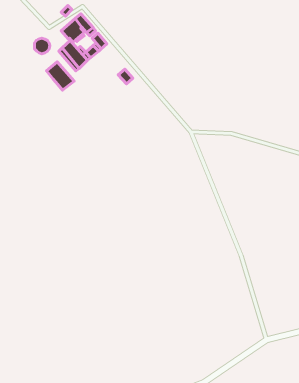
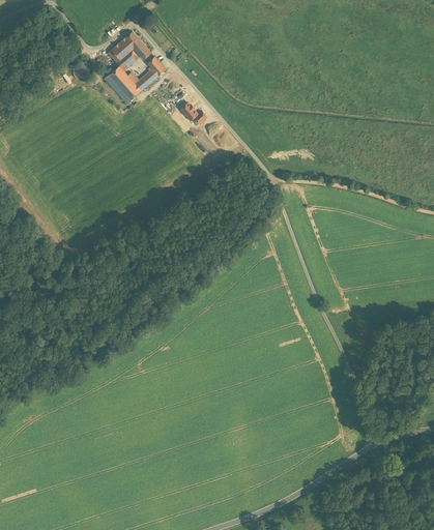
building: [46,62,74,90] -> none

